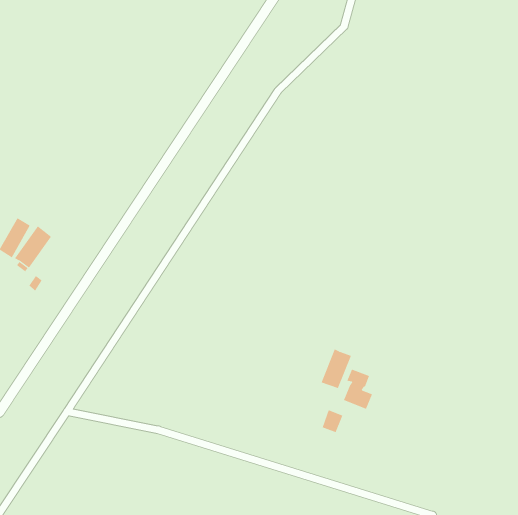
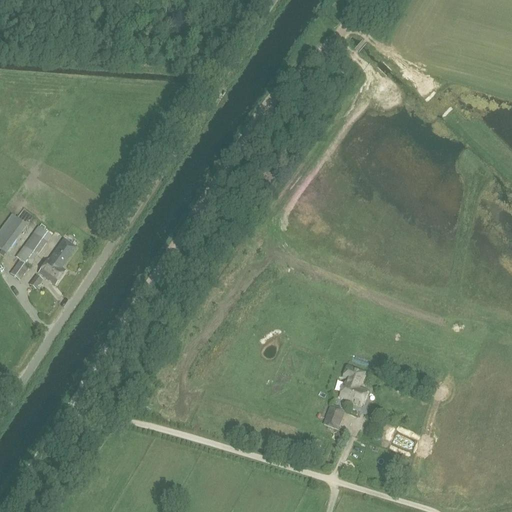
building: none -> [38,237,75,282]
building: [321,349,351,389] -> none

